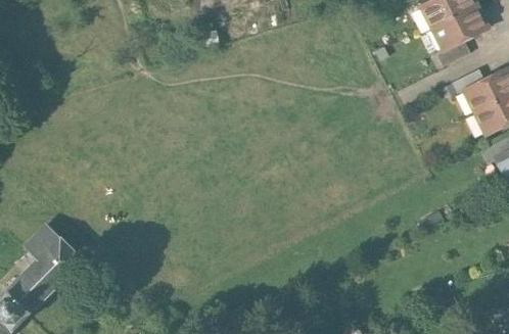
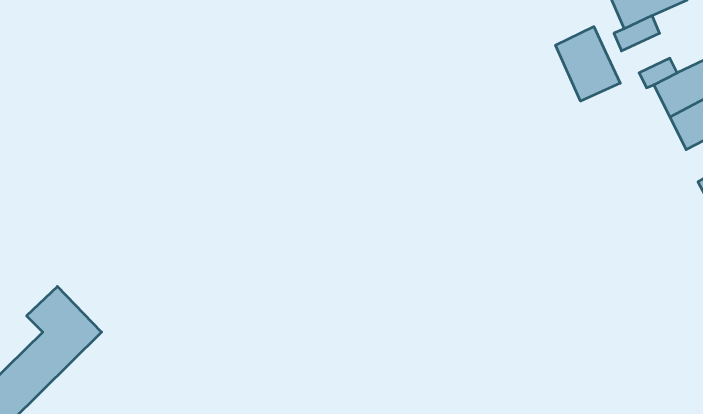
building: none -> [556,27,620,101]

